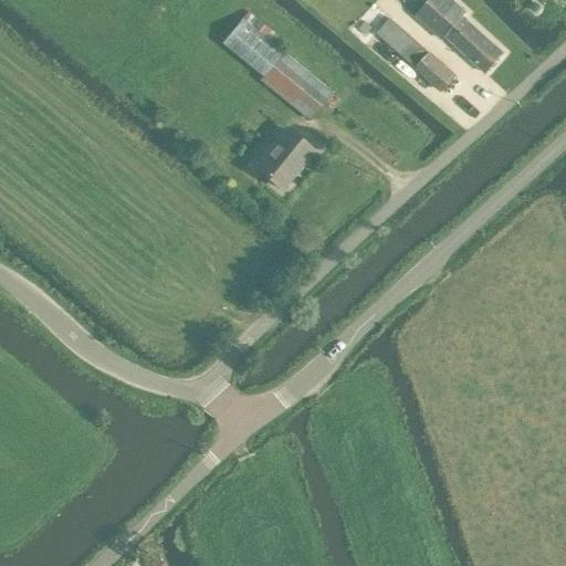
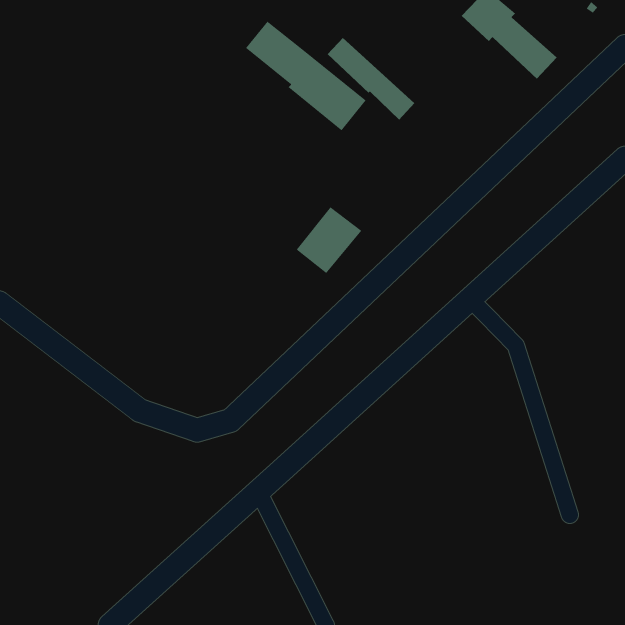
building: [376,17,455,92] -> [327,37,415,120]
building: [253,128,313,189] -> [296,206,362,274]

